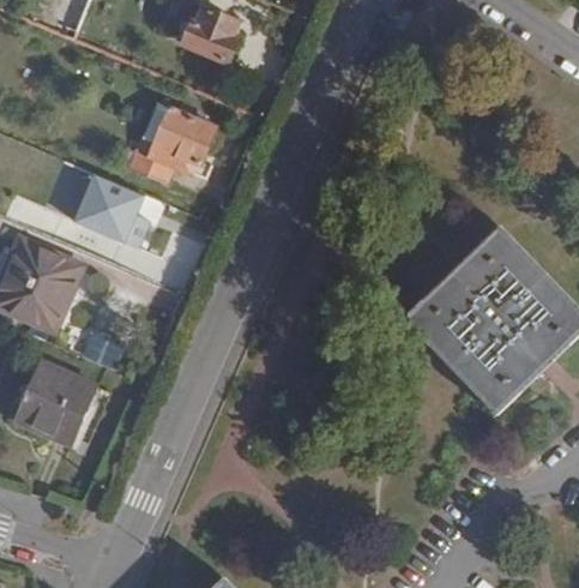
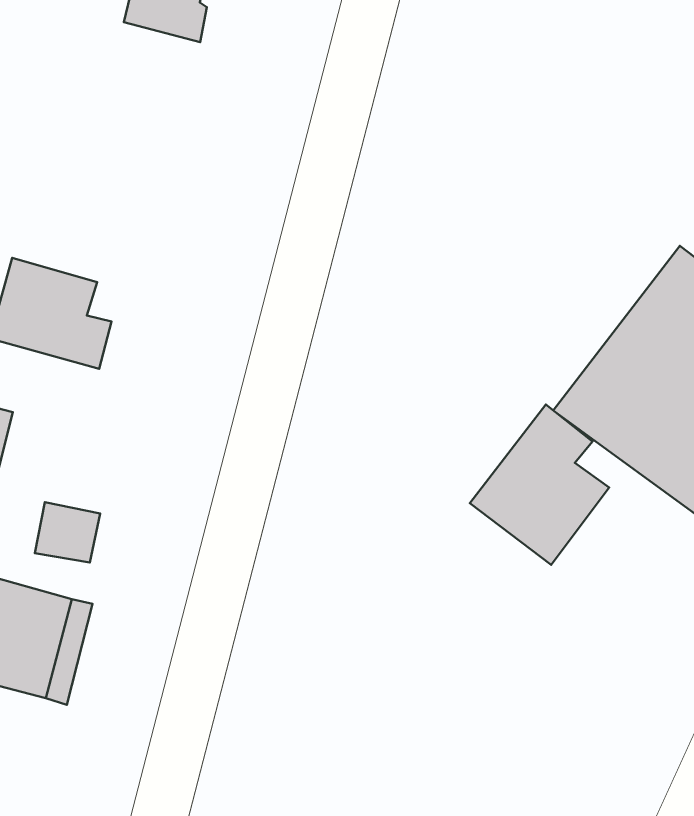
building: [128,102,215,184] -> none
building: none -> [470,404,609,565]

